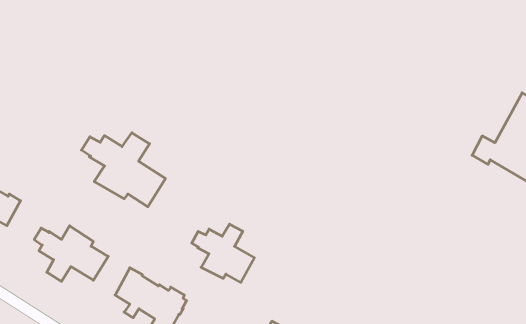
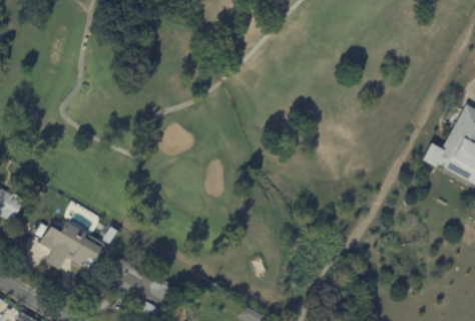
building: [81,133,165,207] -> none
building: [192,224,254,282] -> none

